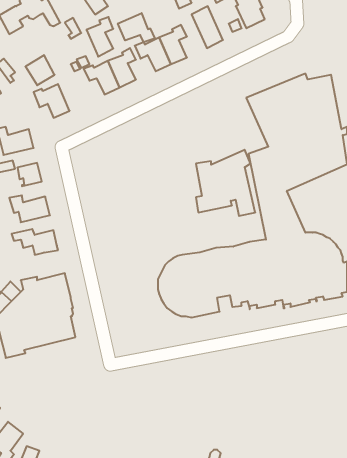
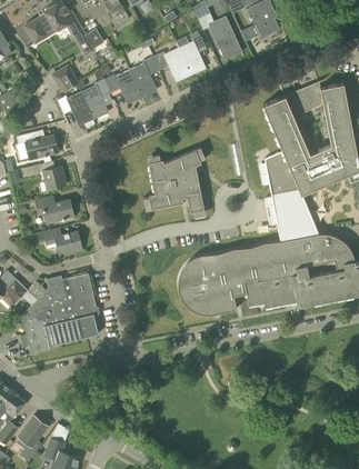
building: [118,13,155,42] -> none
building: [86,17,113,57] -> [81,79,107,117]
building: [196,150,255,216] -> [148,149,205,212]

